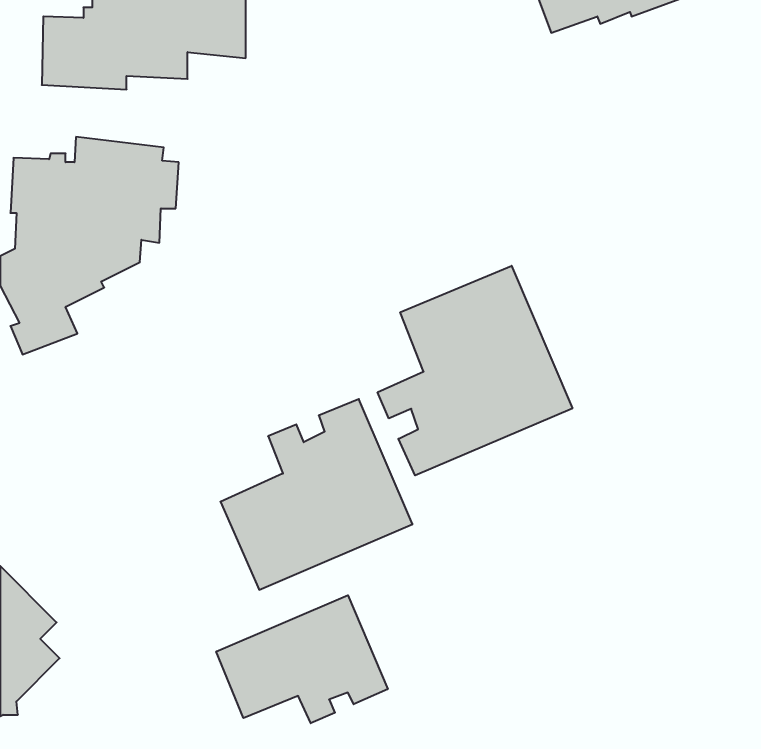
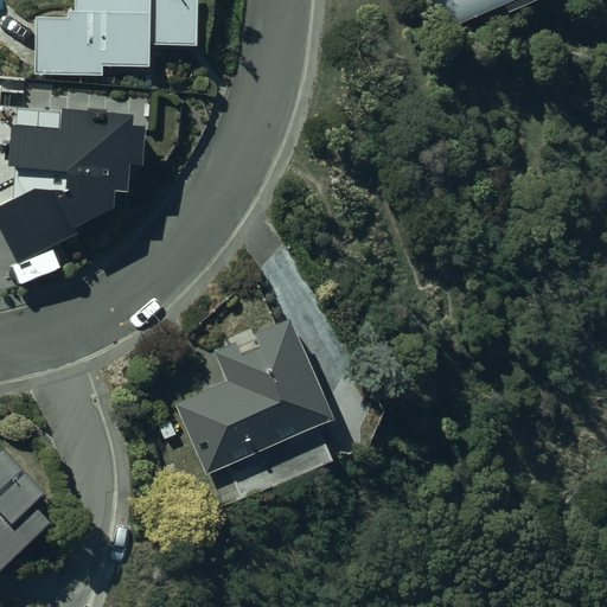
building: [378,266,572,475] -> none
building: [216,595,388,723] -> none

